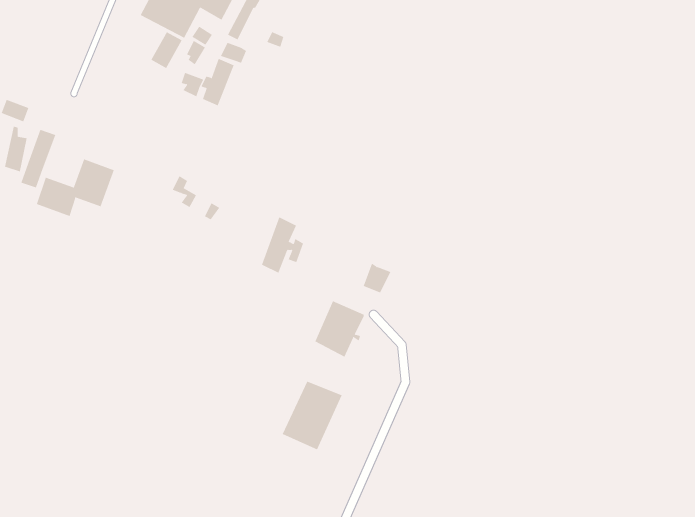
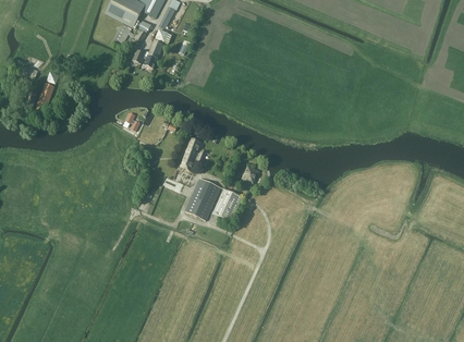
building: [36,159,115,217] -> none
building: [282,381,343,450] -> [184,178,221,220]

